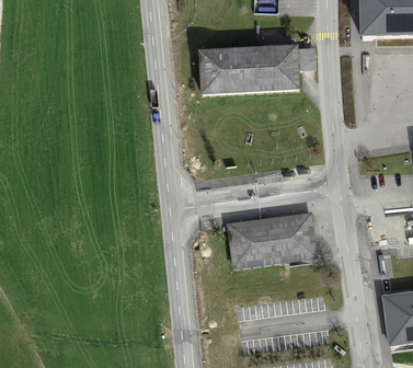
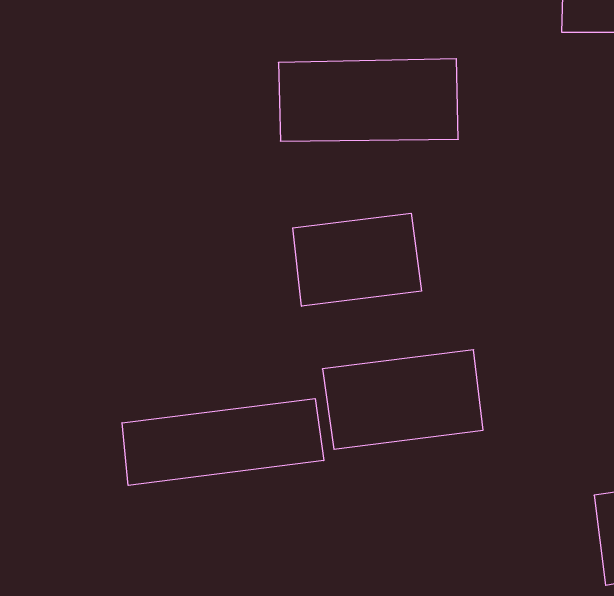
building: none -> [293,213,421,306]
building: none -> [122,399,324,485]

